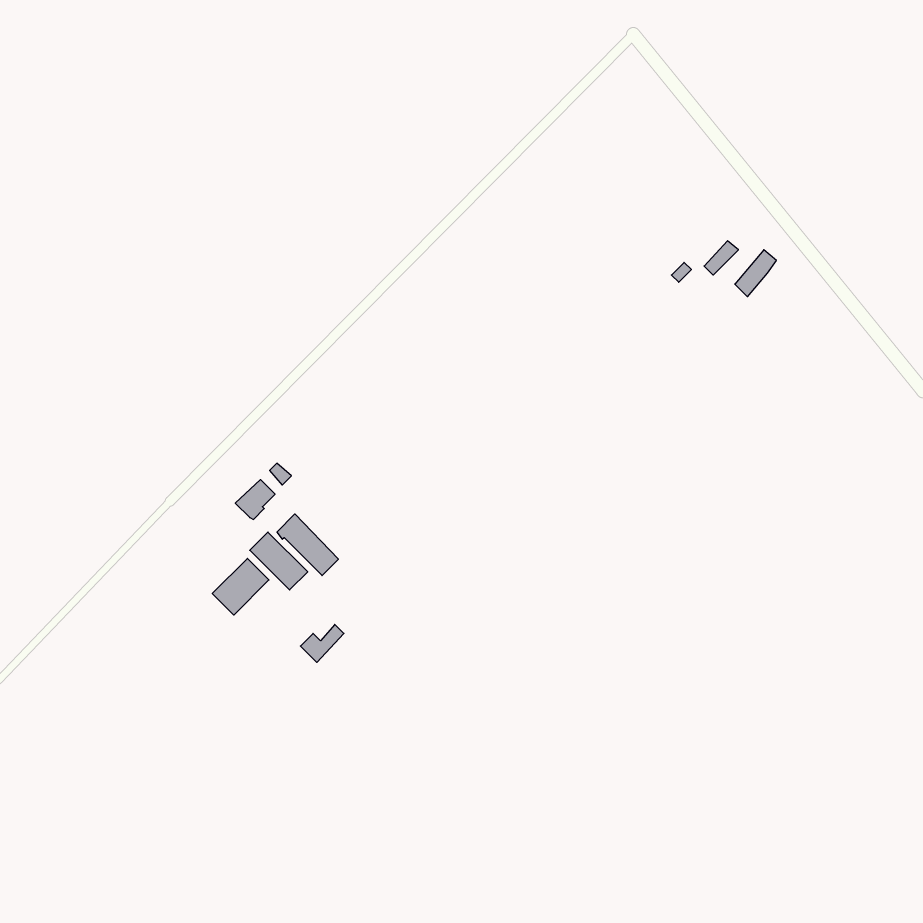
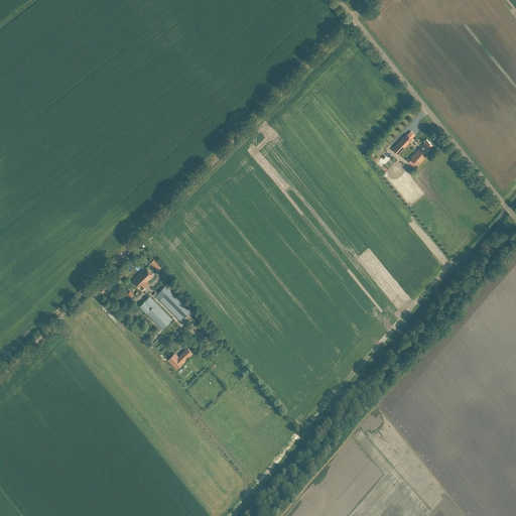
building: [212,558,269,615] -> none

